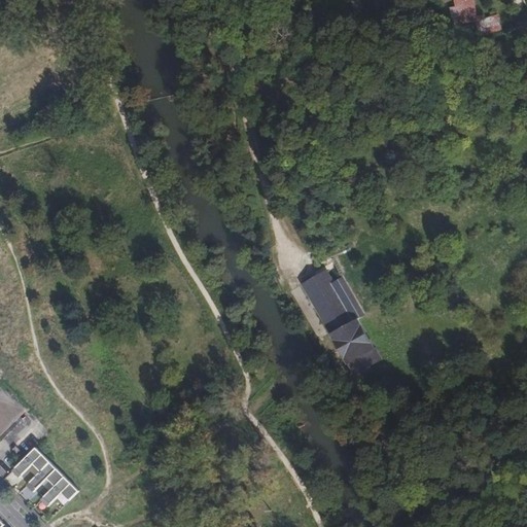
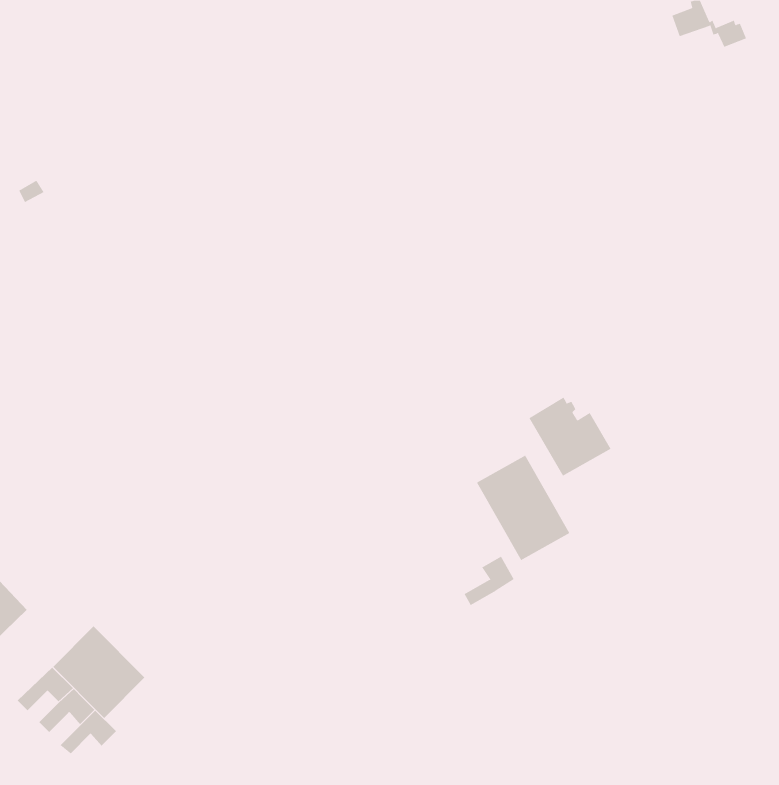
building: [296,270,352,323] -> [529,397,612,477]
building: none -> [464,556,515,606]
building: none -> [52,626,145,719]

